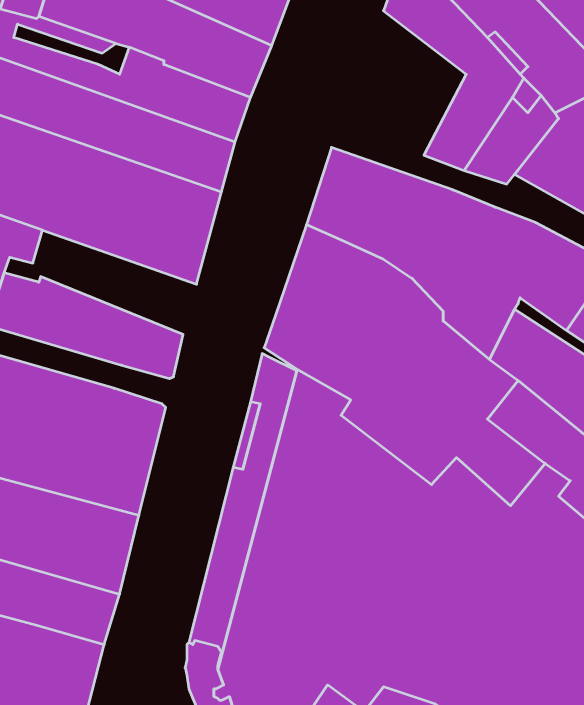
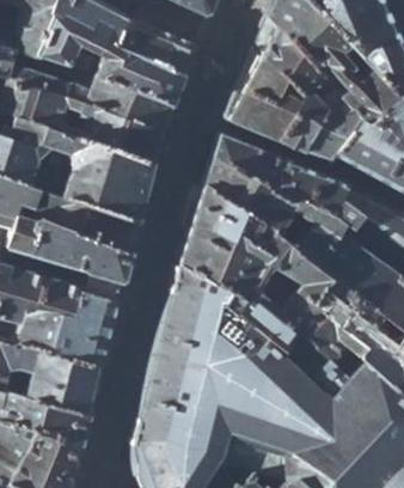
building: none -> [228,53,304,142]
building: none -> [35,189,136,254]

